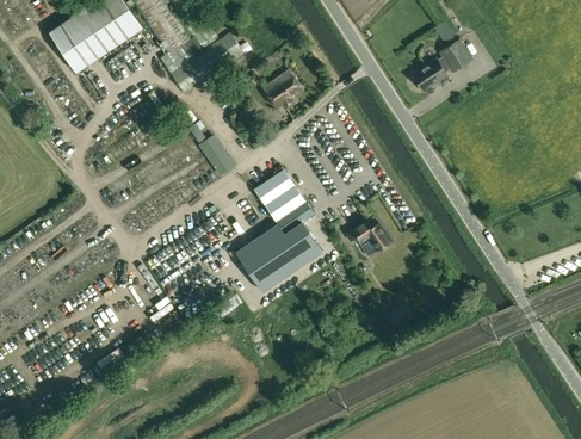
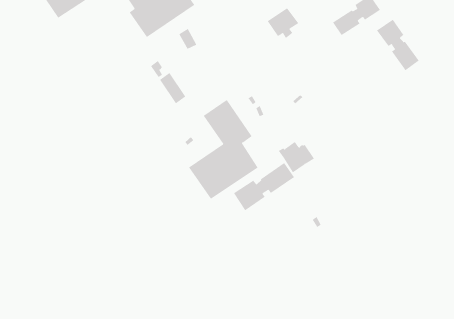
building: none -> [376,19,419,71]
building: [262,70,302,109] -> [267,8,299,39]
building: none -> [233,162,295,211]

